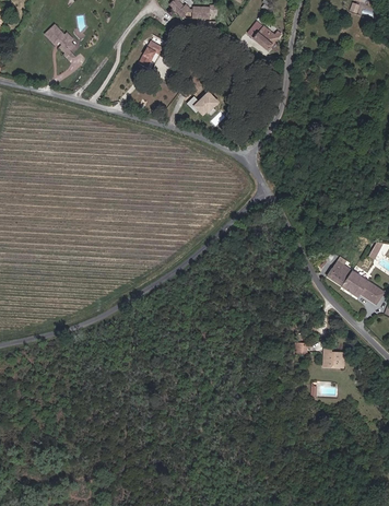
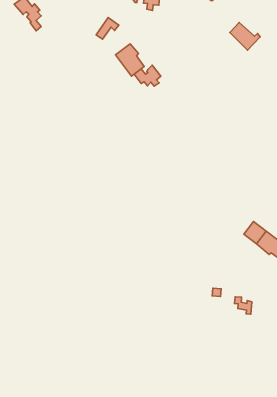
building: [247,20,282,50] -> [230,23,260,50]
building: none -> [115,44,144,76]

